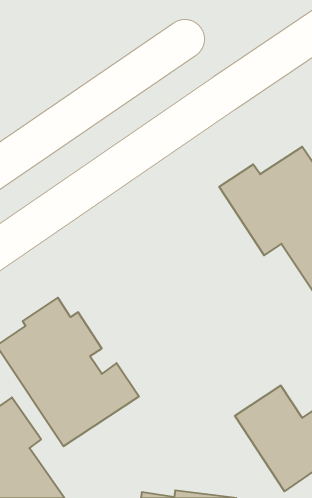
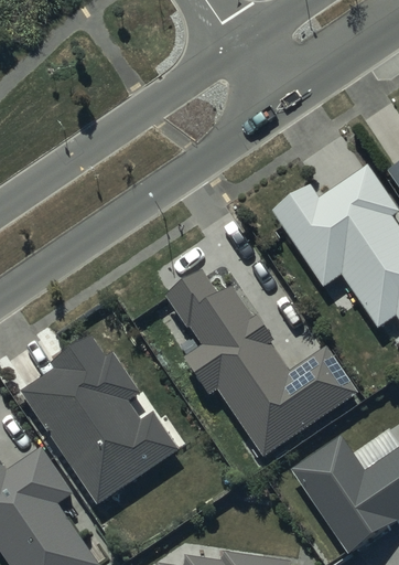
building: none -> [165,269,359,457]

